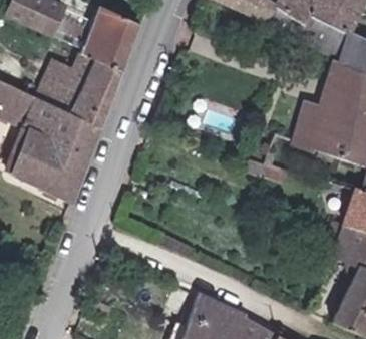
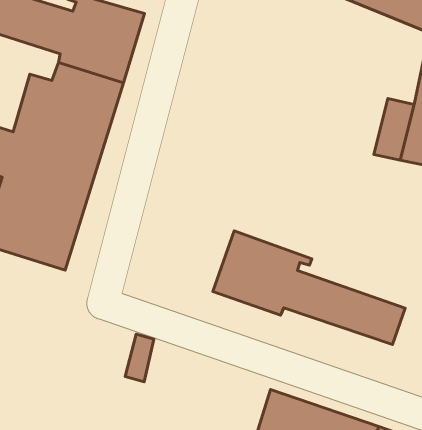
building: none -> [213,231,405,345]

